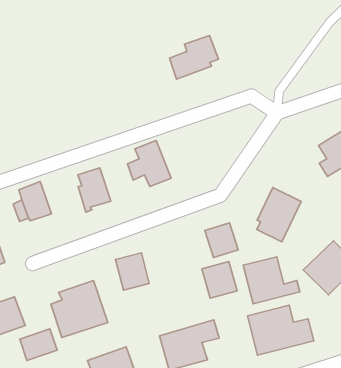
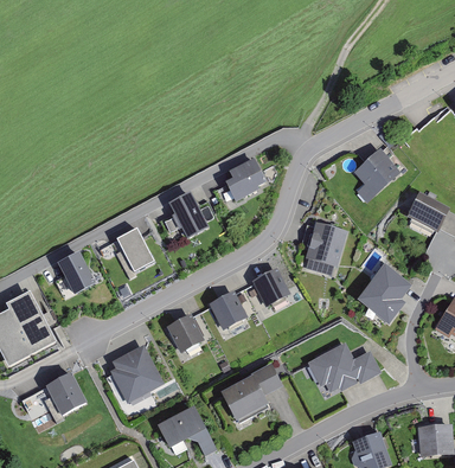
building: [169,35,219,79] -> [214,160,264,210]
building: [243,257,300,304] -> none
building: [202,261,237,298] -> [205,286,244,326]
building: [20,329,57,360] -> none

